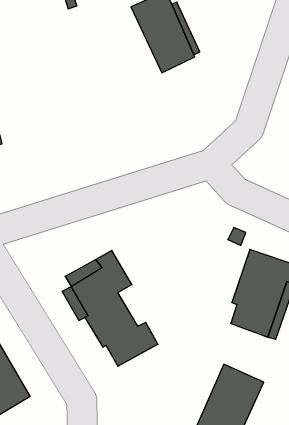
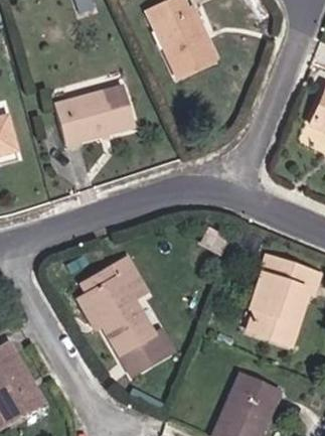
building: none -> [54,86,135,144]

